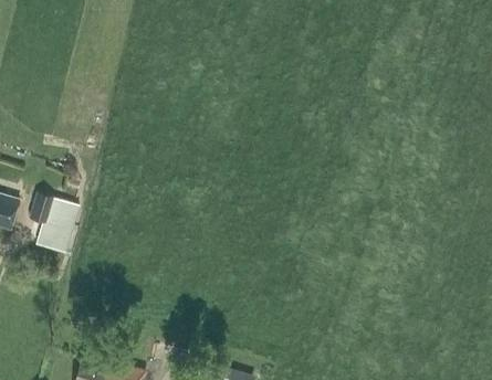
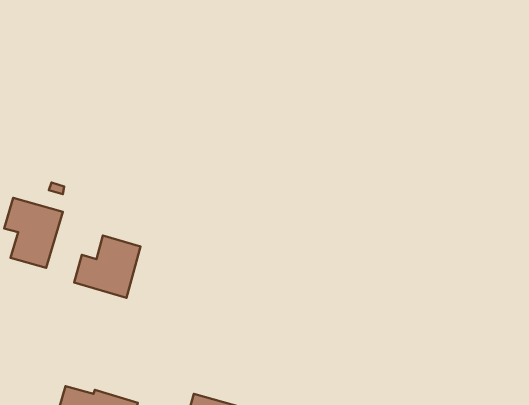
building: none -> [74,236,141,298]

